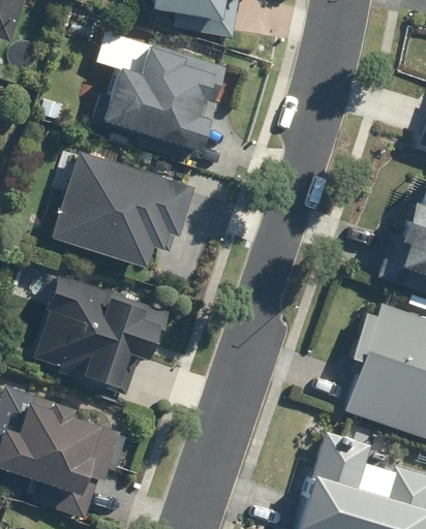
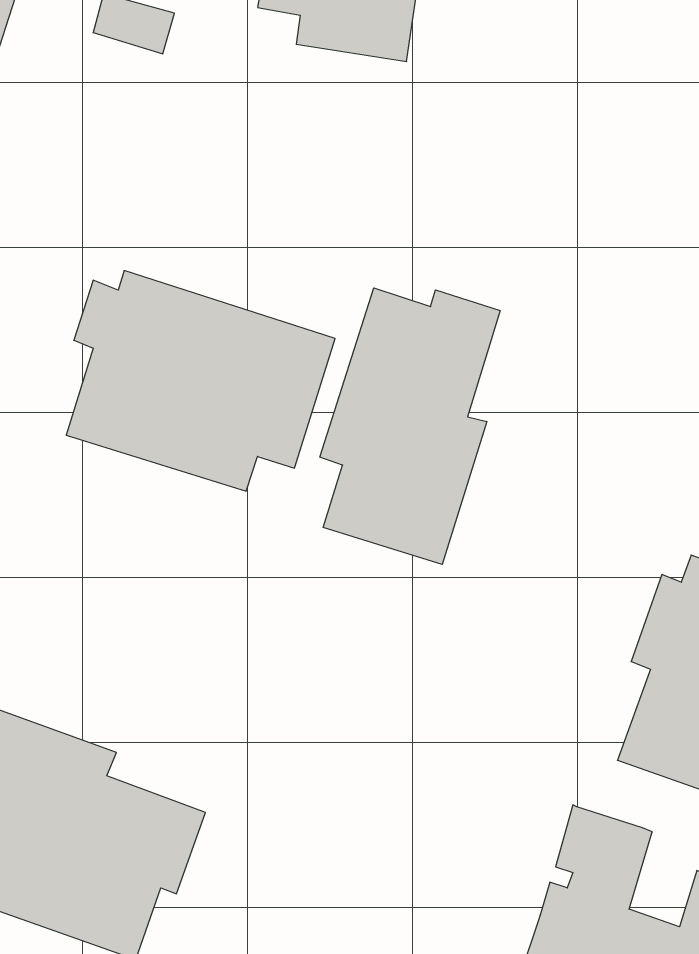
building: [97,29,225,151] -> none
building: none -> [320,288,500,564]
building: [32,275,168,390] -> none

